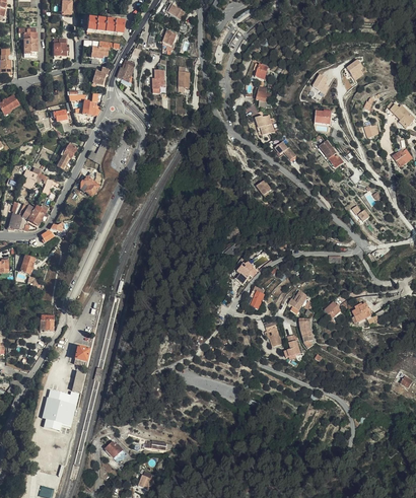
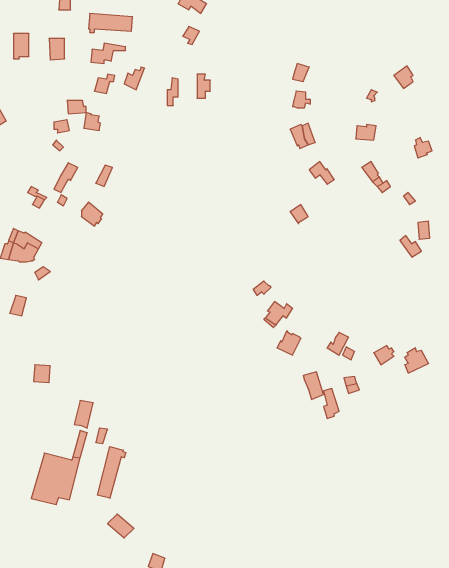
building: none -> [97,447,126,498]

